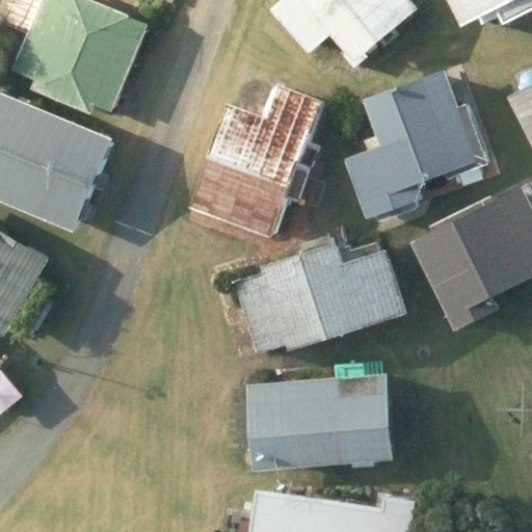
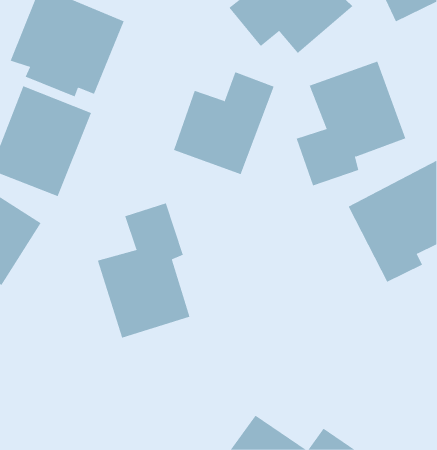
building: [234,233,408,355] -> none
building: none -> [97,202,190,338]
building: [251,373,396,473] -> none

